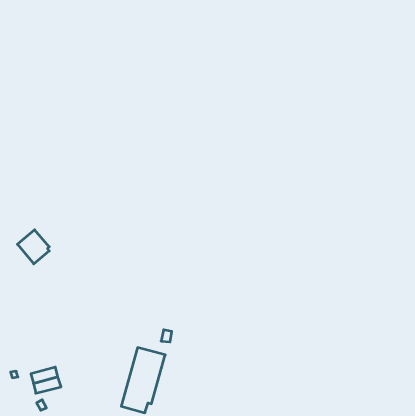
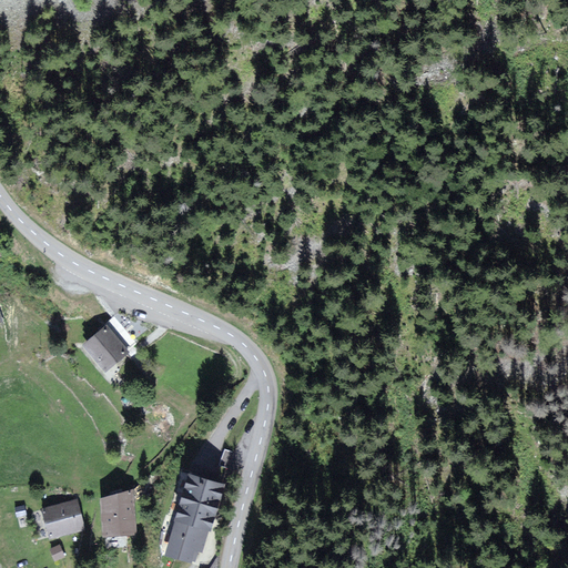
building: [17,230,49,264] -> [82,325,125,372]
building: none -> [101,490,134,535]

